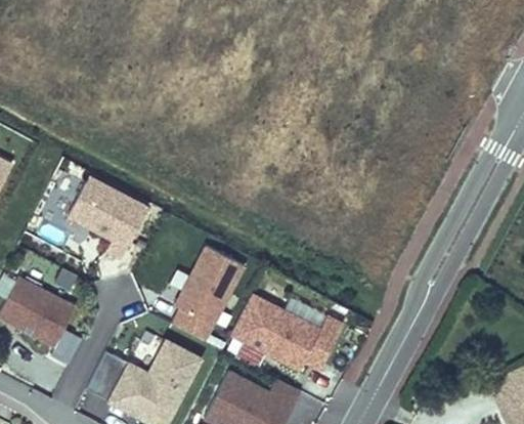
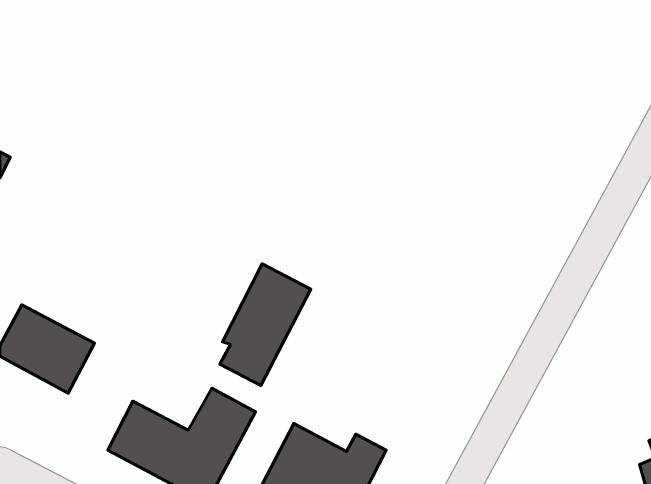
building: [67,178,147,260] -> none
building: [229,293,342,371] -> none

